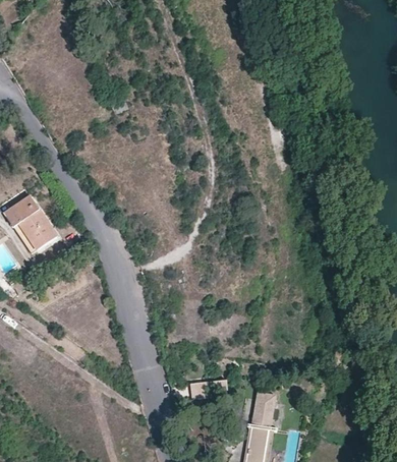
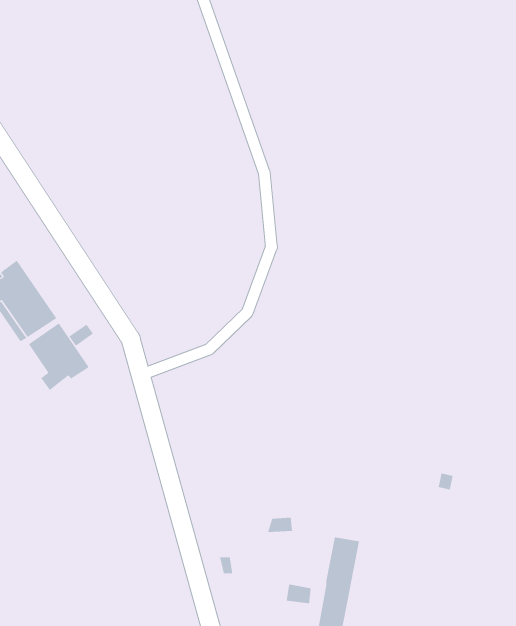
building: none -> [28,322,90,391]

